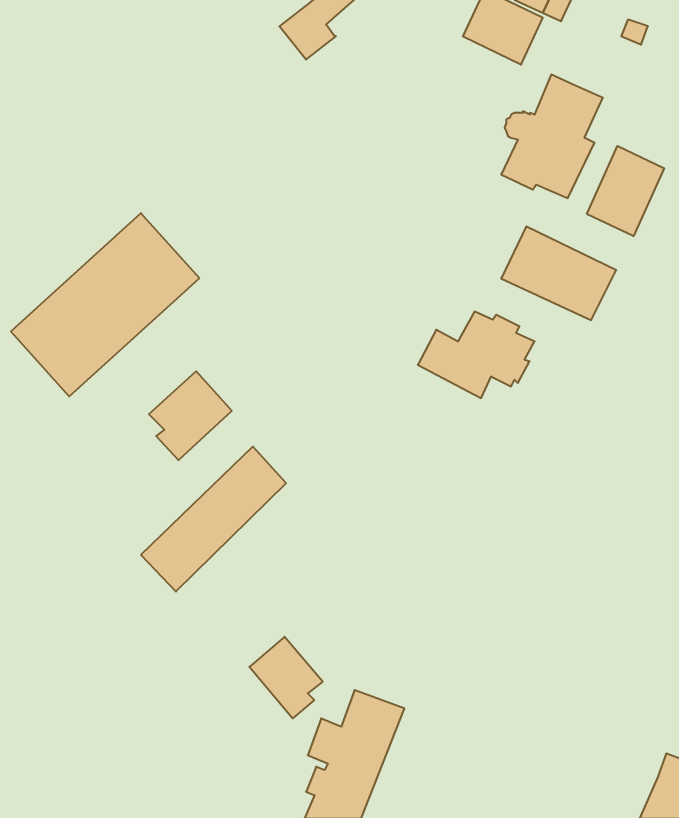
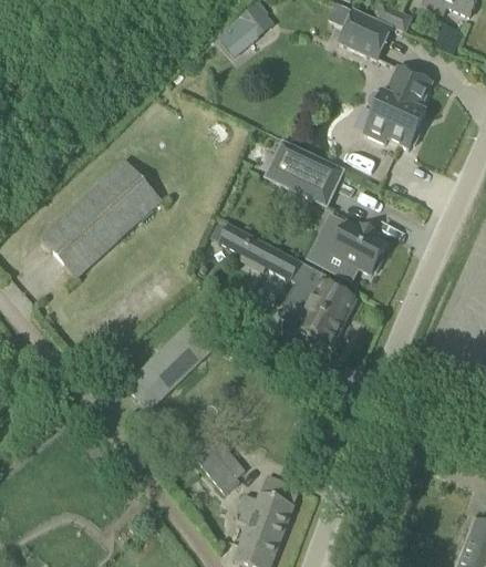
building: [587,146,664,236] -> none
building: [501,227,616,320] -> [265,142,341,204]
building: none -> [218,223,356,346]
building: [149,371,232,460] -> none

